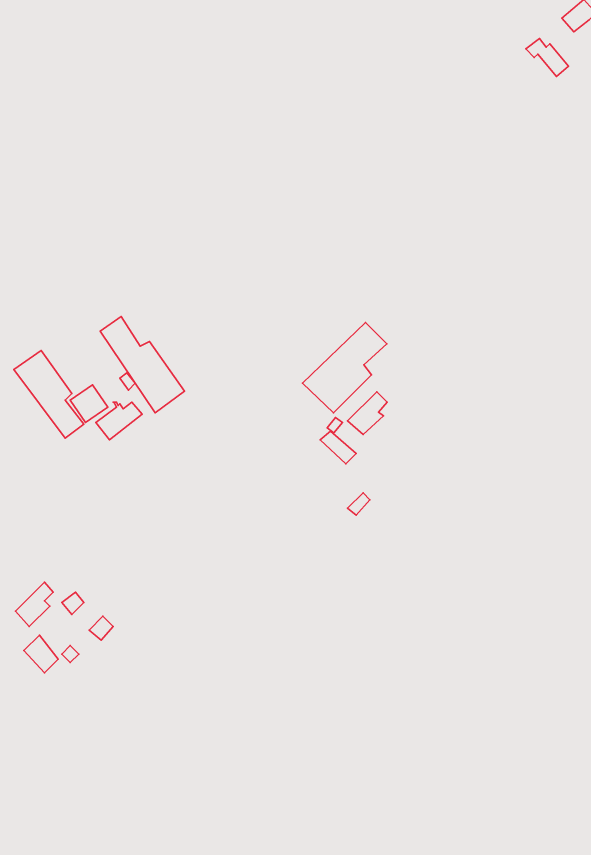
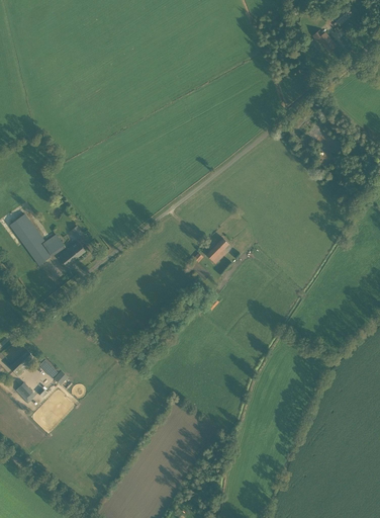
building: [100,317,184,413] -> none
building: [302,322,387,413] -> none

